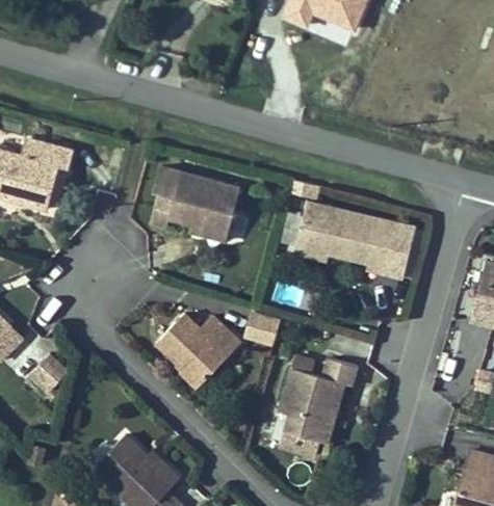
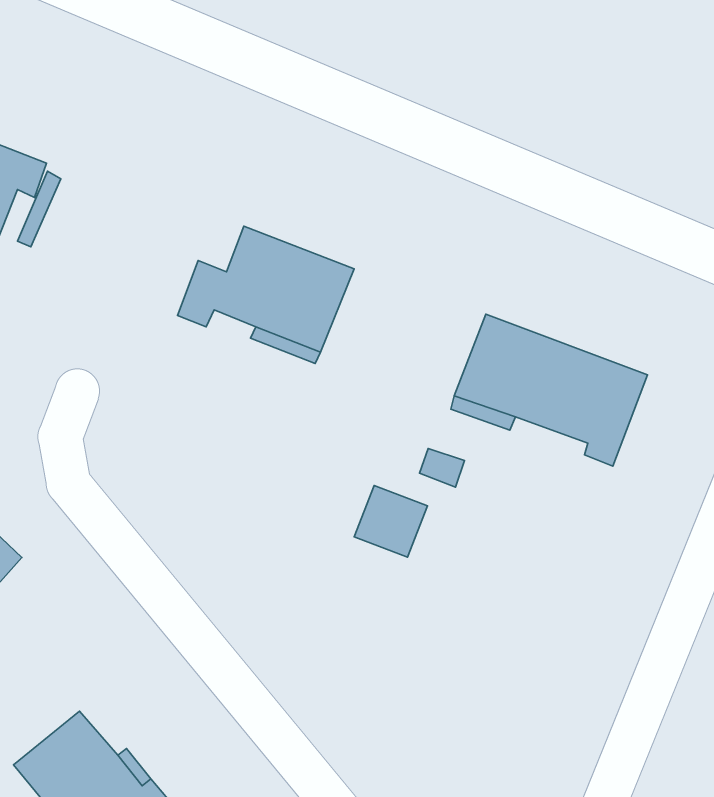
building: [151,315,236,390] -> none
building: [281,357,359,440] -> none

